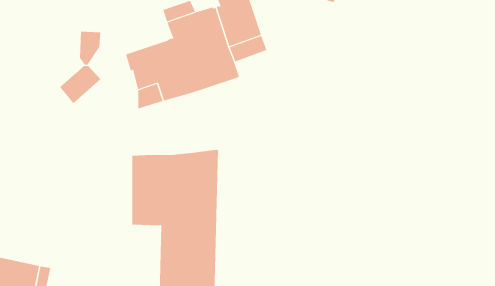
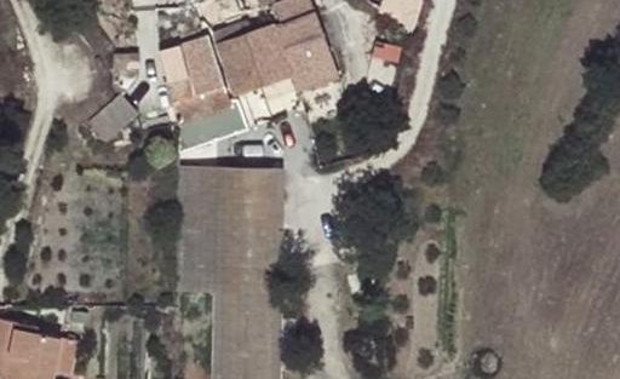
building: none -> [159,34,219,82]
building: none -> [176,168,282,205]

